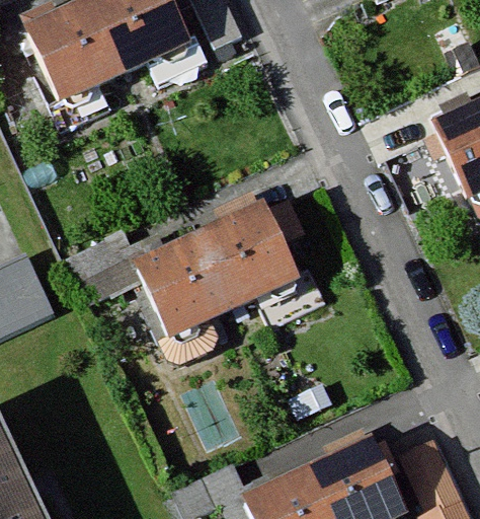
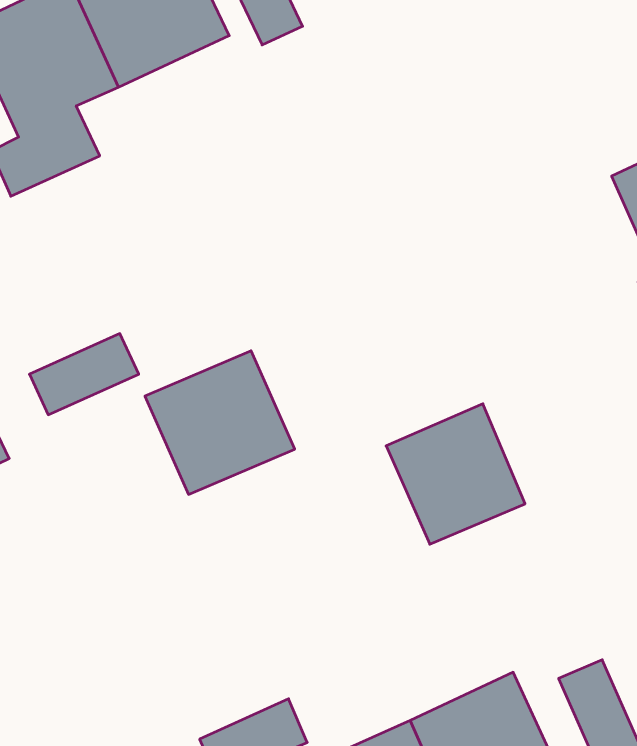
building: [209,213,299,304] -> [386,404,525,544]

